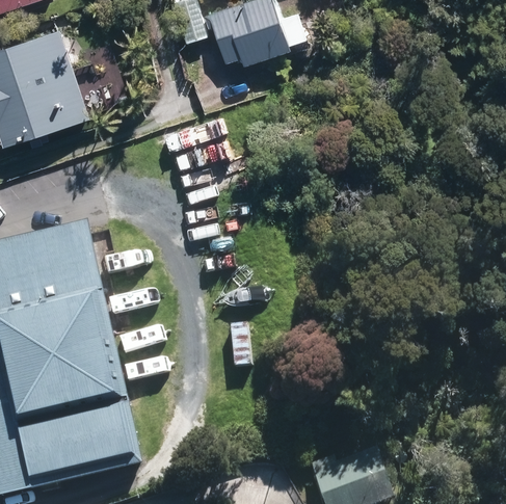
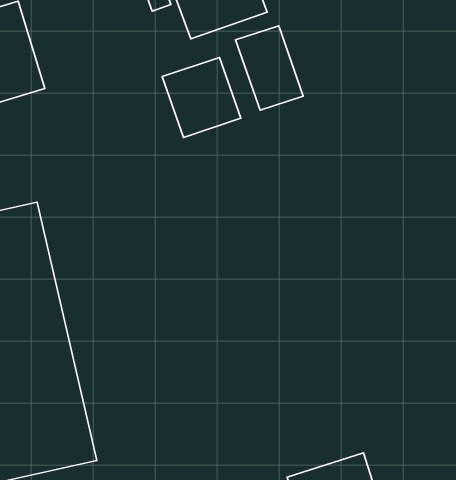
building: none -> [236,26,303,110]
building: none -> [162,57,241,137]

